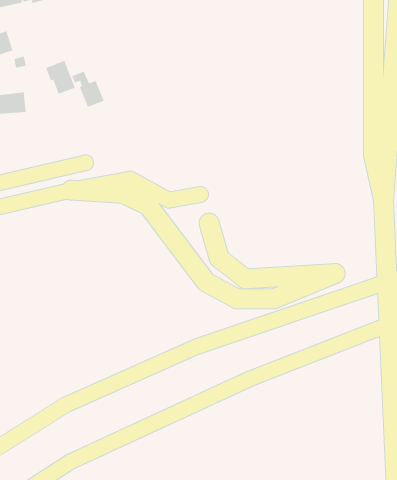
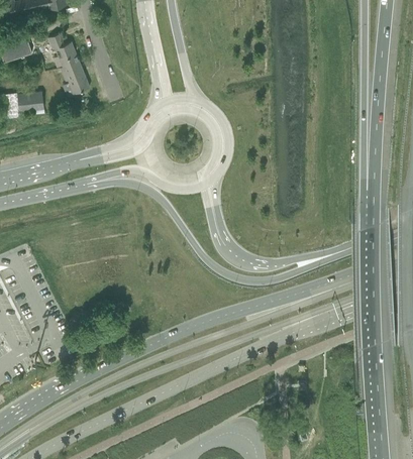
building: [71,70,105,109] -> [47,33,79,69]

